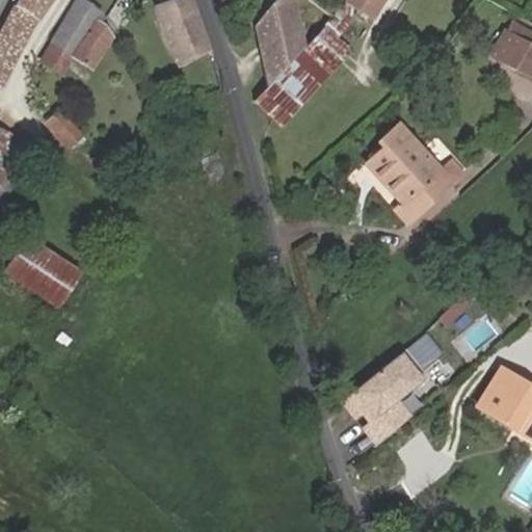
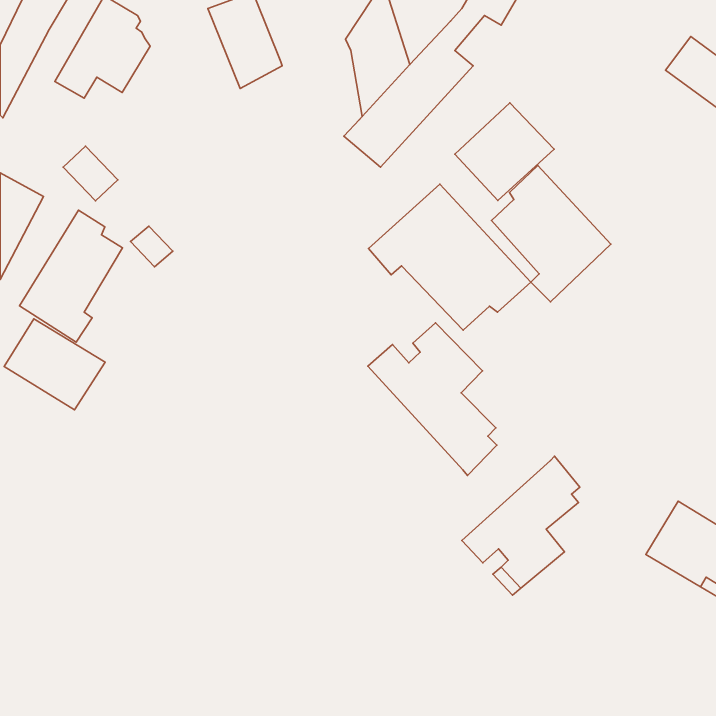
building: none -> [455,103,554,200]
building: none -> [368,184,531,330]
building: none -> [19,210,123,342]
building: none -> [368,323,497,475]

